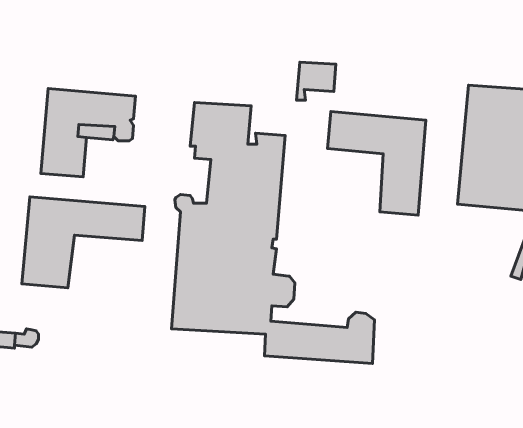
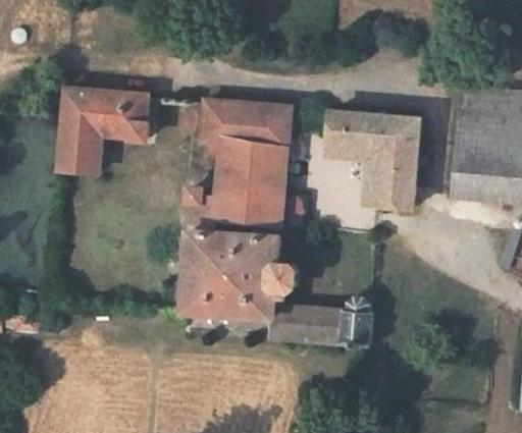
building: [297,62,336,100] -> [252,105,289,141]
building: [22,197,145,288] -> none

